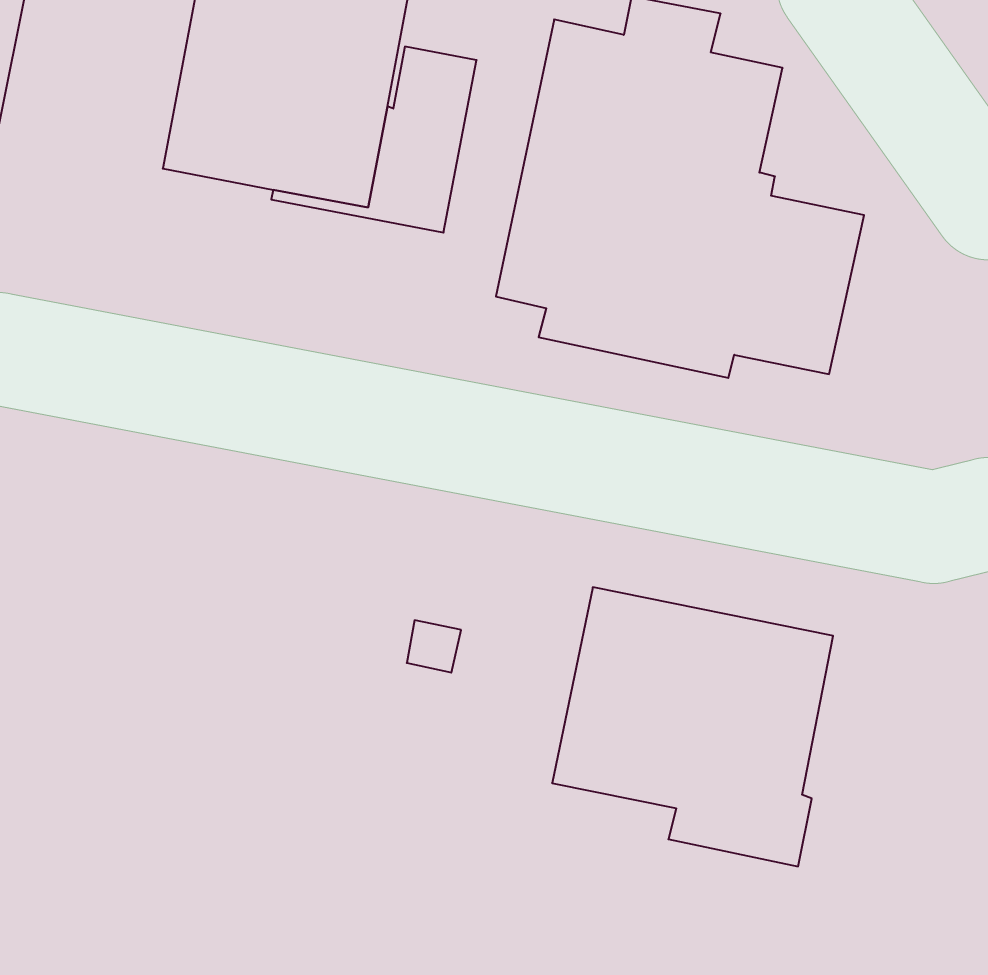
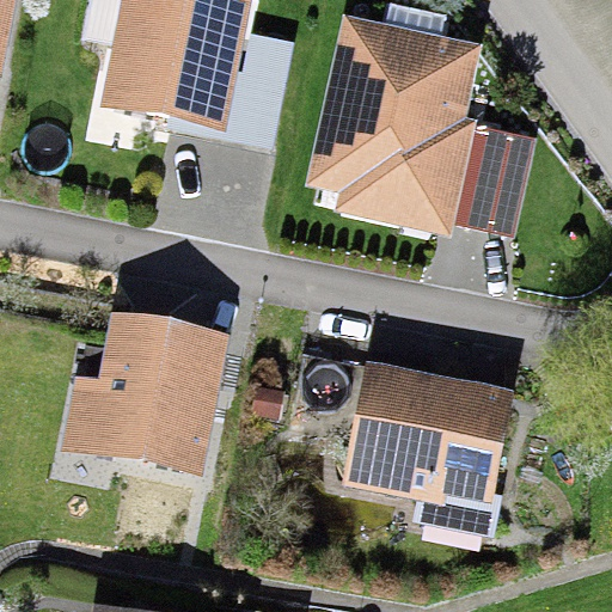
building: none -> [60,312,230,473]

